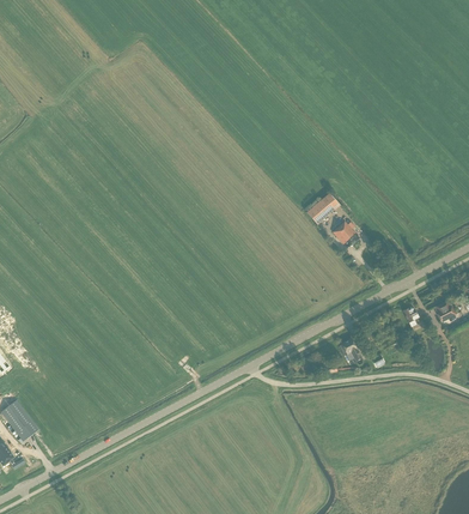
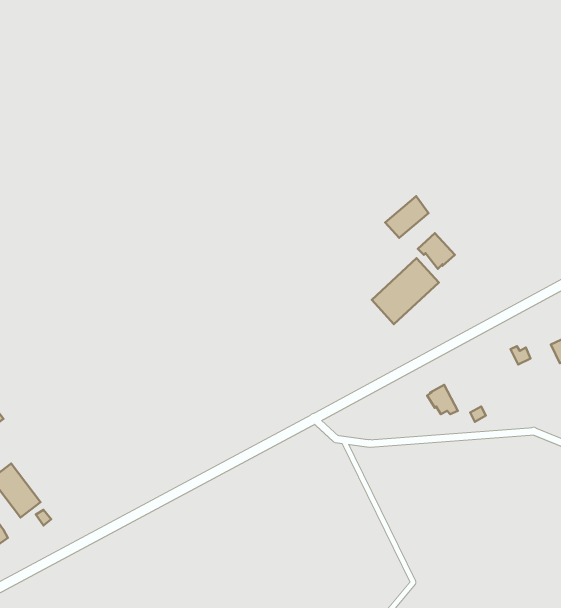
building: none -> [372,258,439,324]

